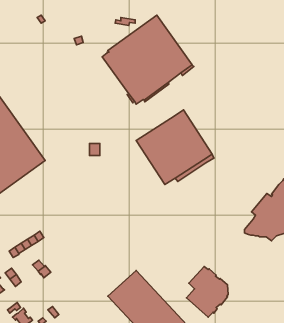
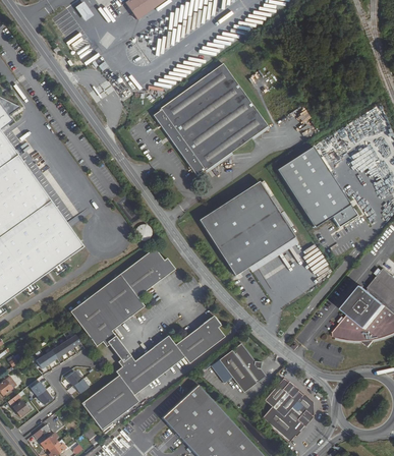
building: none -> [278,146,358,227]
building: none -> [70,248,224,428]
building: none -> [219,343,267,393]

